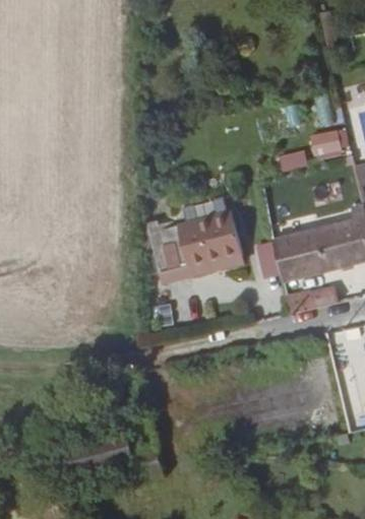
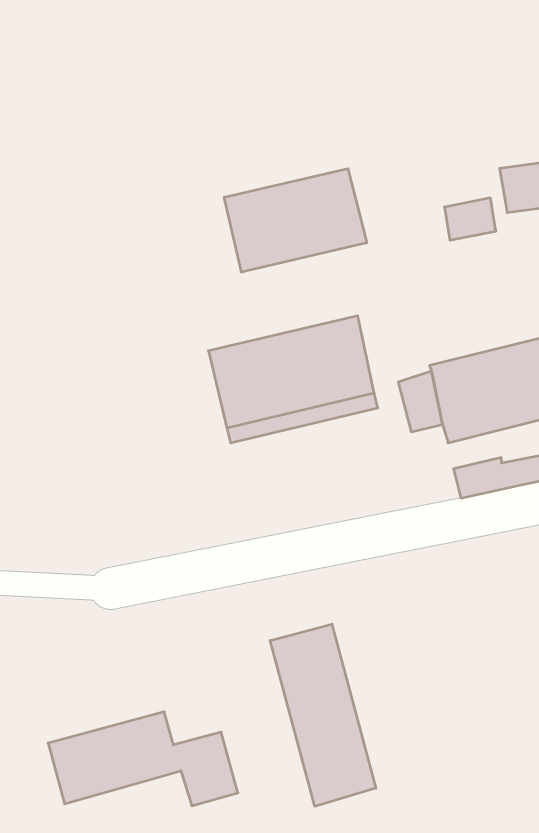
building: none -> [224,169,367,272]
building: none -> [270,624,376,806]

